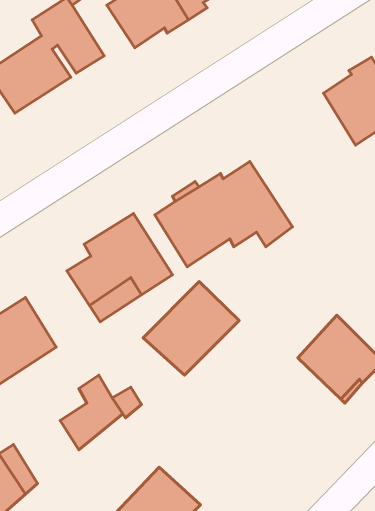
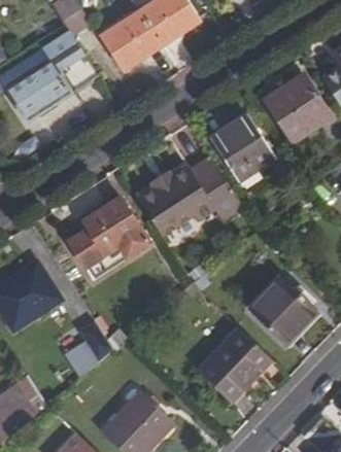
building: none -> [210,113,274,180]
building: [143,282,239,375] -> [195,326,269,398]

